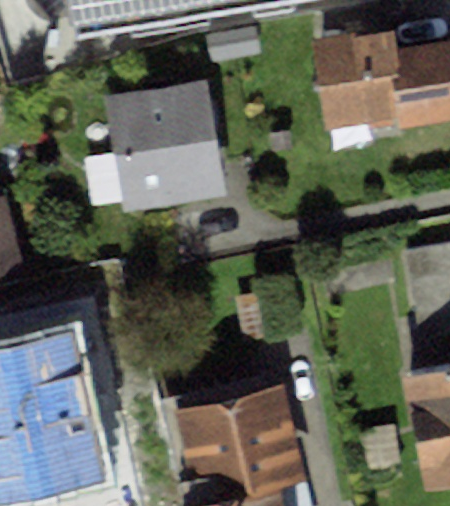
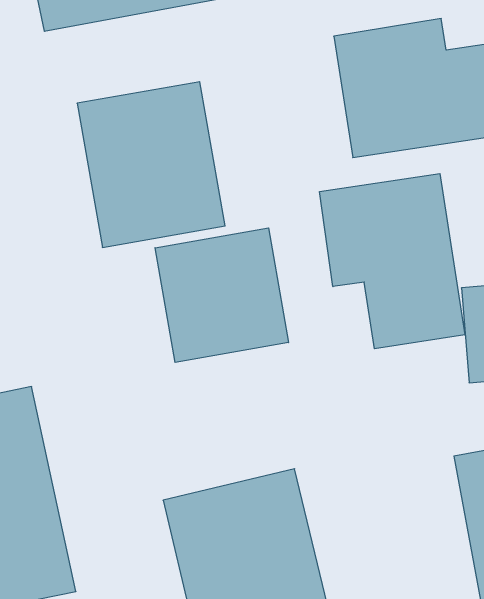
building: none -> [320,174,465,349]
building: none -> [155,228,288,362]

